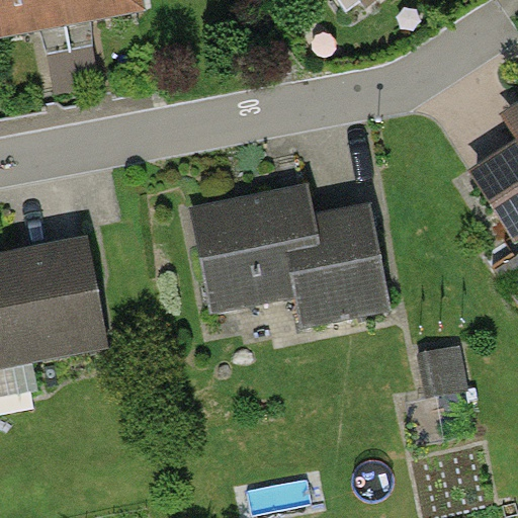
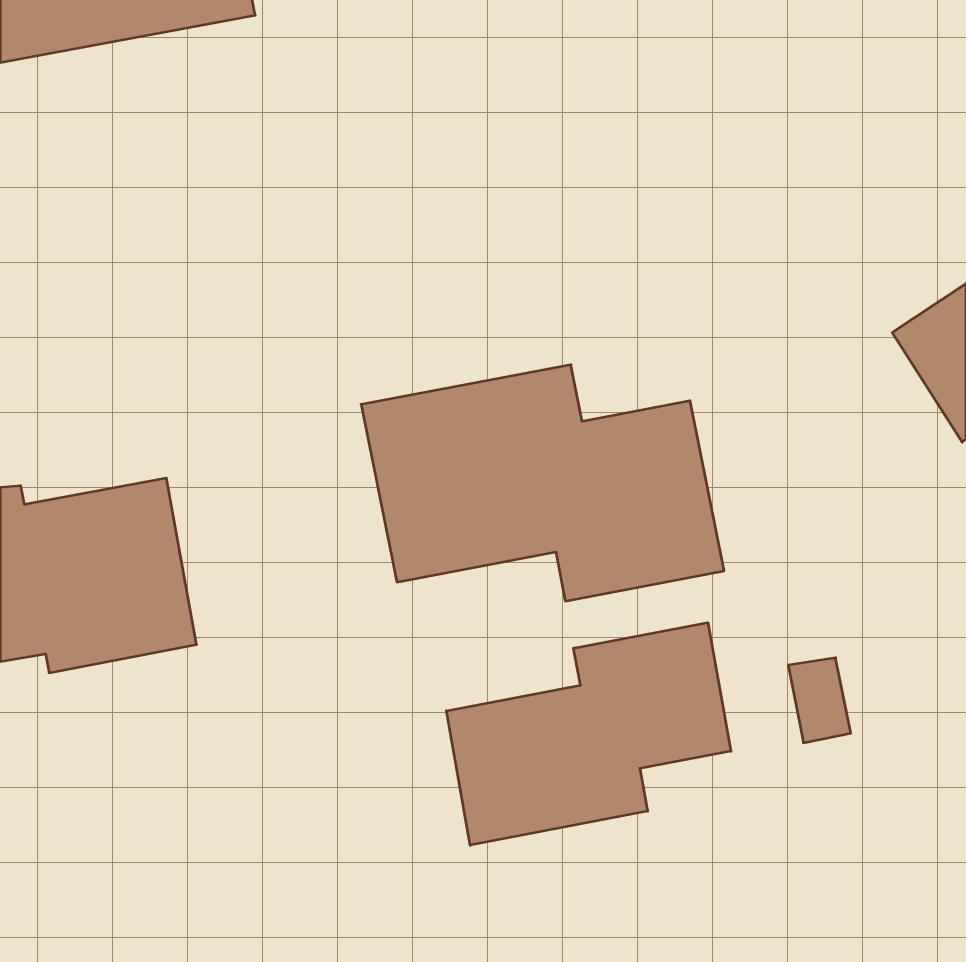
building: none -> [446,623,731,845]

